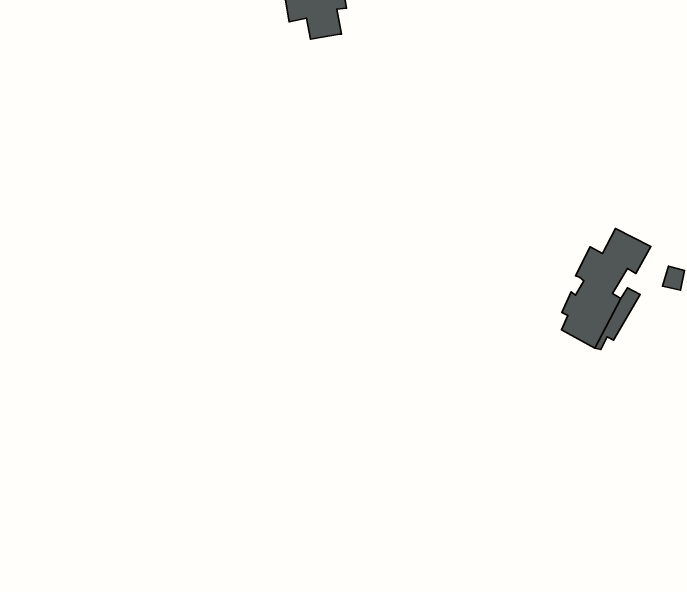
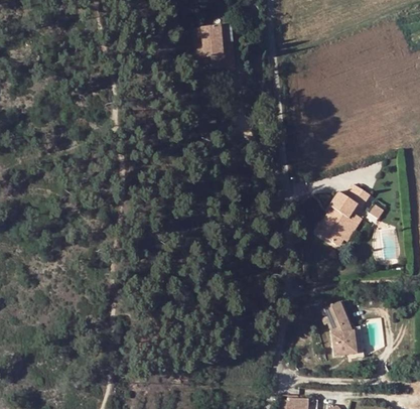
building: none -> [321,301,354,356]

